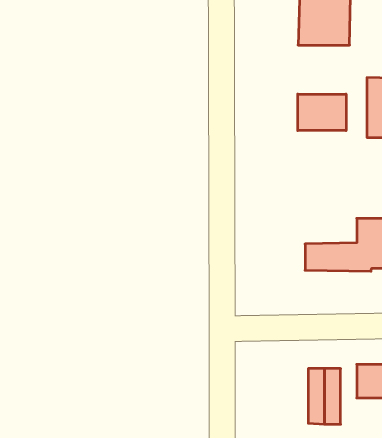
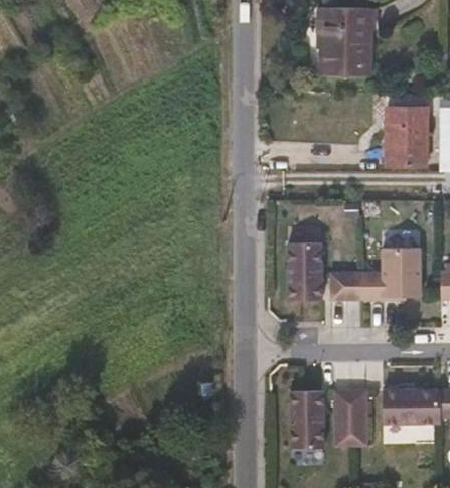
building: [298,94,346,131] -> none
building: none -> [287,239,320,298]
building: none -> [288,393,322,452]

